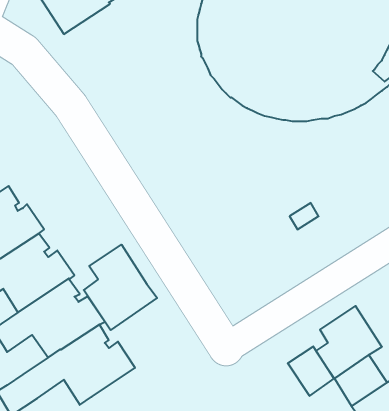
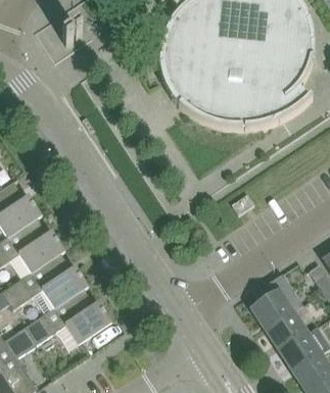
building: [84,245,157,330] -> none
building: [288,346,334,396] -> none

